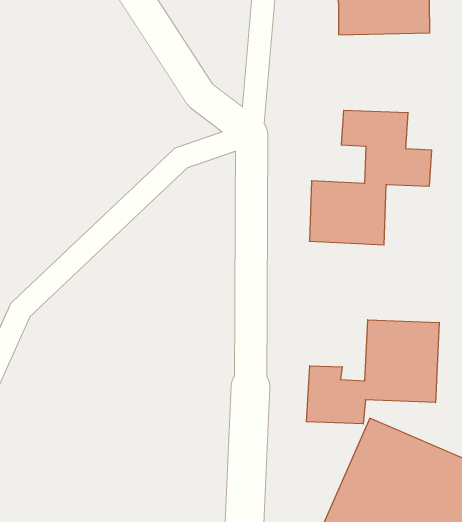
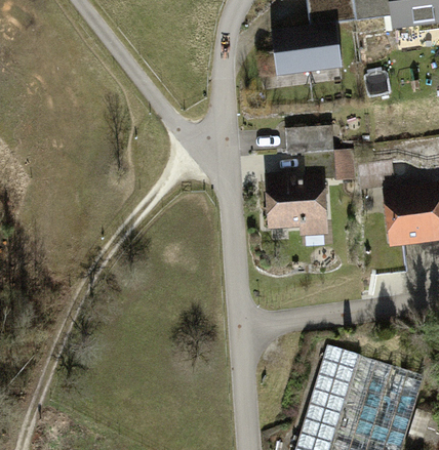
building: [306,320,439,424] -> none

